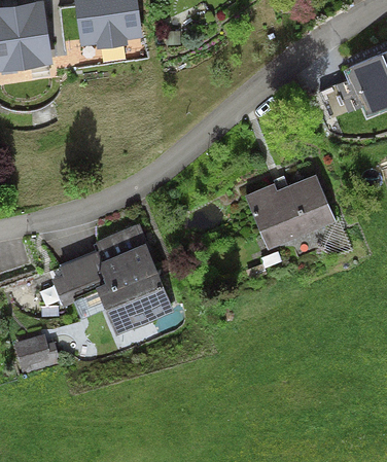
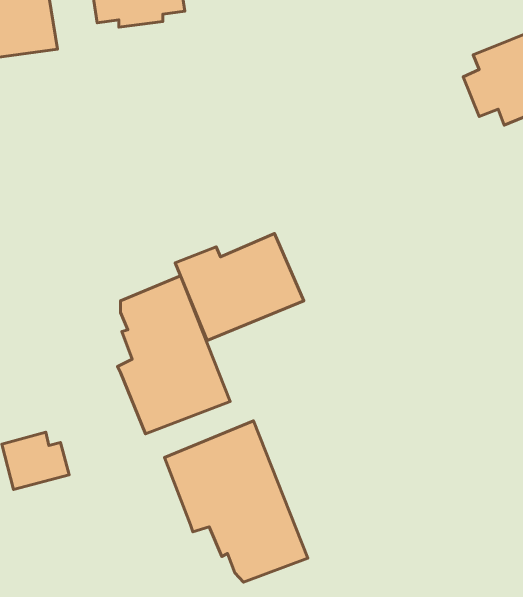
building: [245,174,336,249] -> [175,234,304,340]
building: [52,249,105,307] -> none
building: none -> [165,421,308,582]

